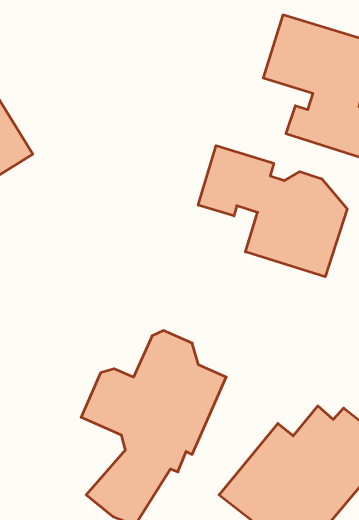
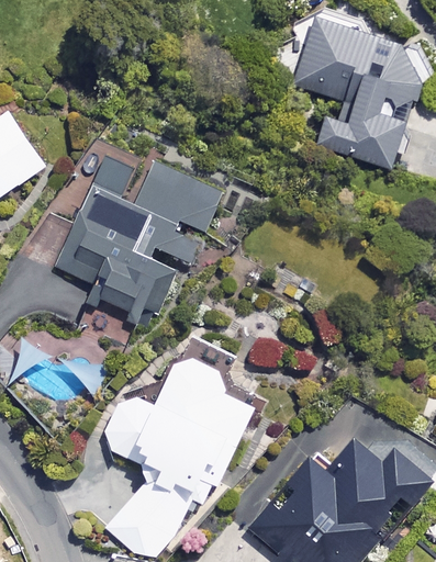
building: [198,146,347,277] -> none
building: none -> [52,158,225,322]

